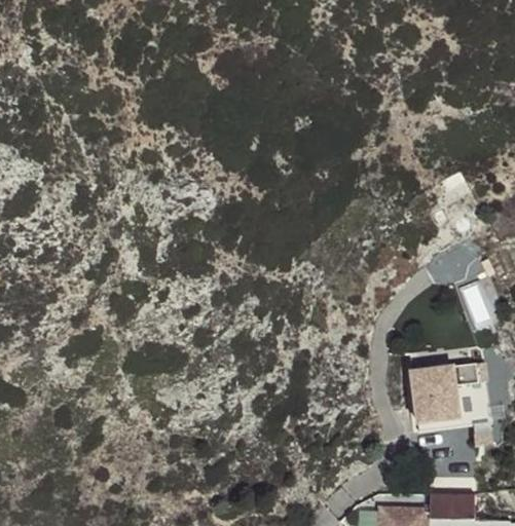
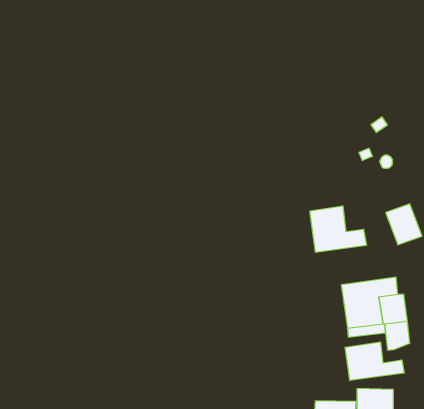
building: none -> [310,206,366,252]
building: none -> [345,342,404,381]

